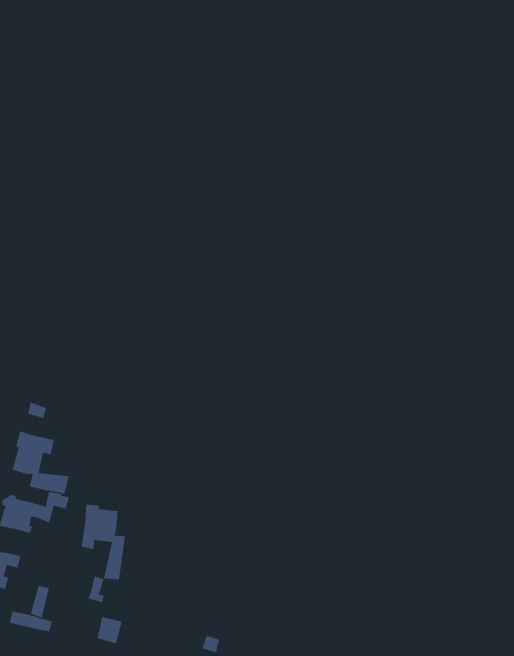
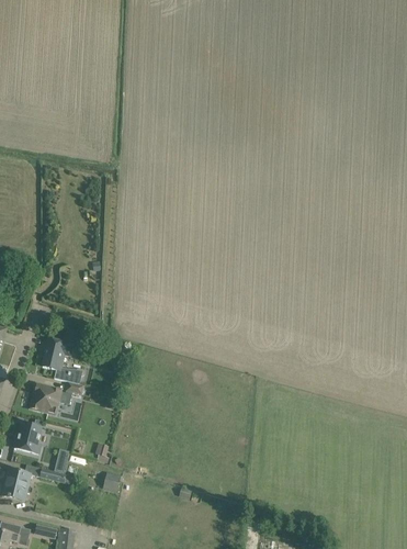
building: [81,504,125,581] -> none

